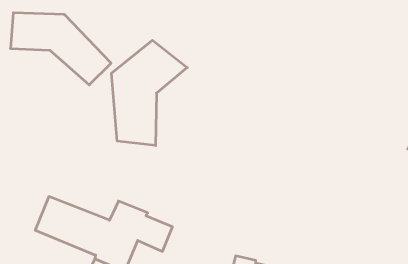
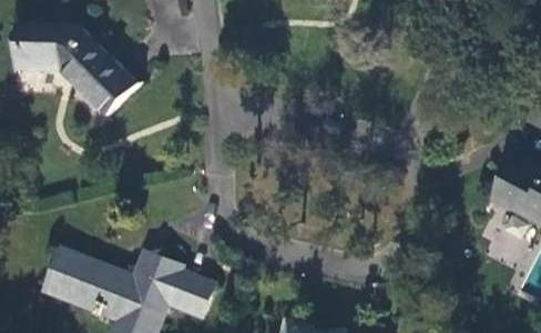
building: [112,40,187,146] -> none

